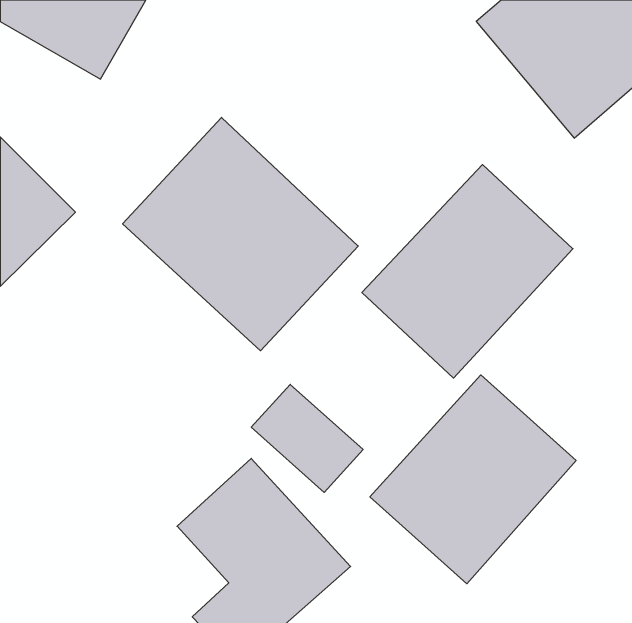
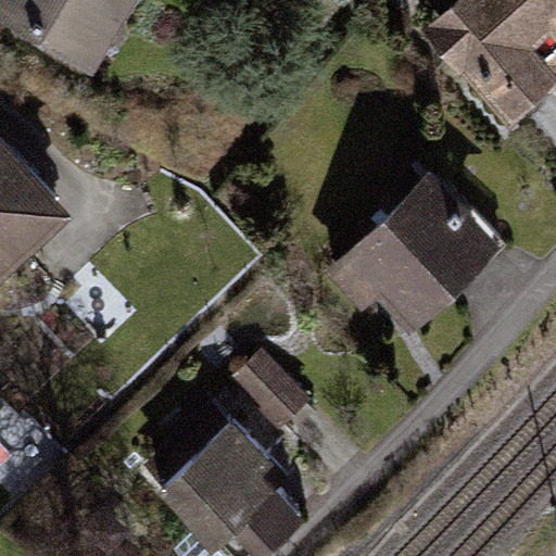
building: [123,117,358,351] -> none
building: [370,375,576,584] -> none

